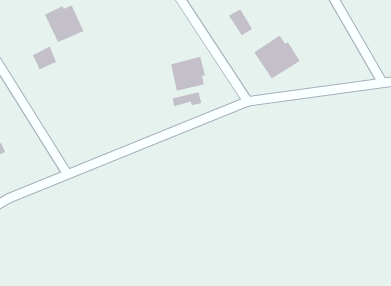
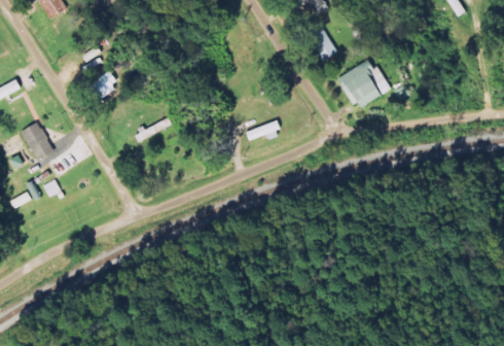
building: [44,4,84,43] -> none
building: [170,56,206,91] -> none

